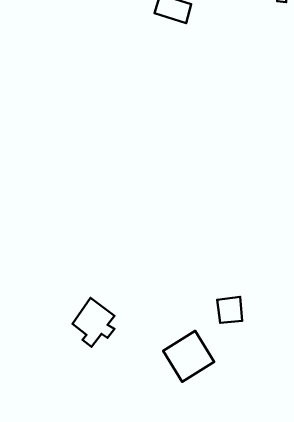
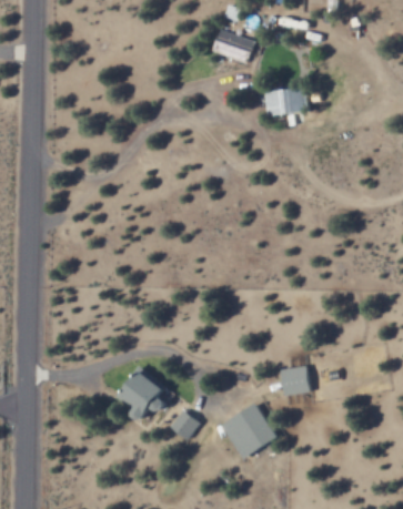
building: none -> [265,89,305,114]
building: none -> [168,409,199,440]

